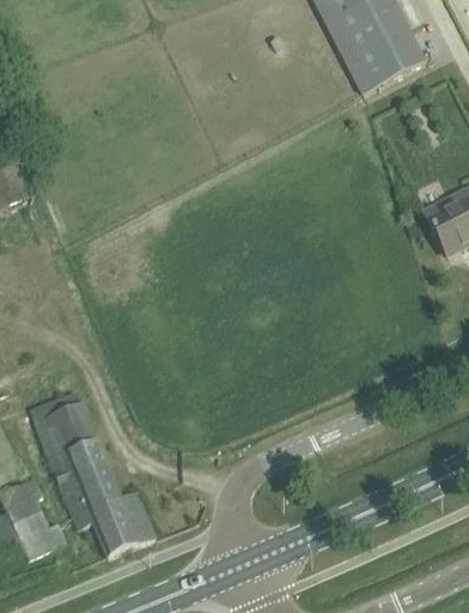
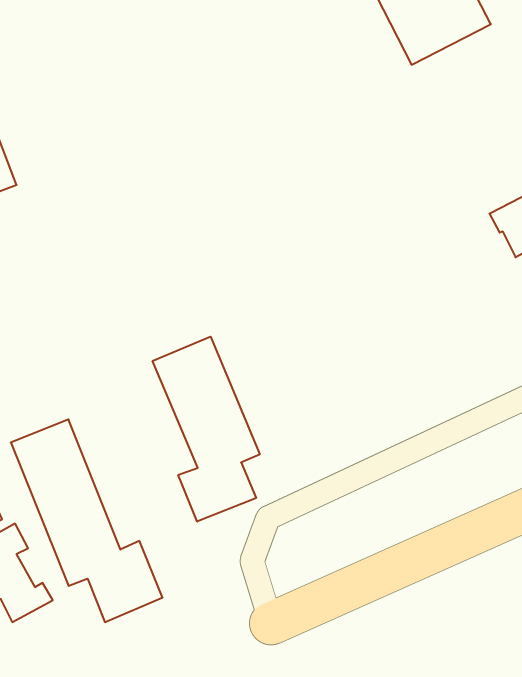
building: none -> [153,337,260,522]

